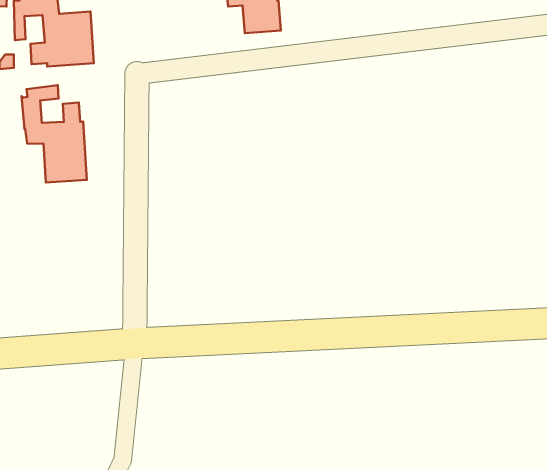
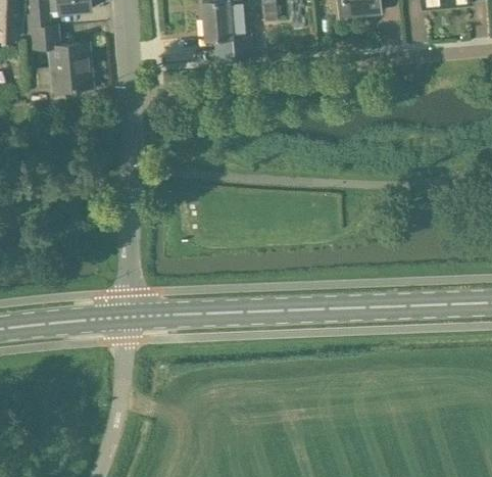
building: [22,85,87,183] -> none

